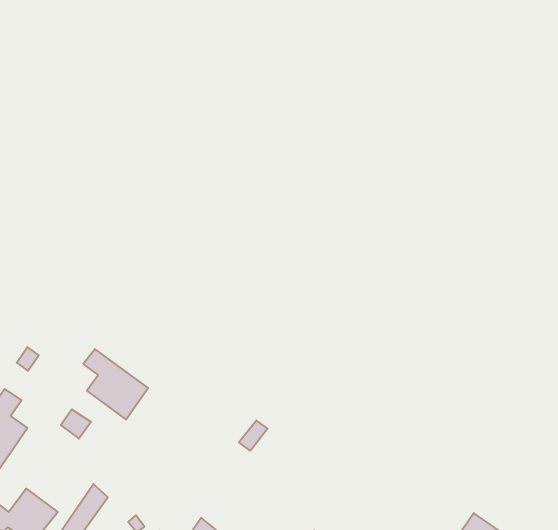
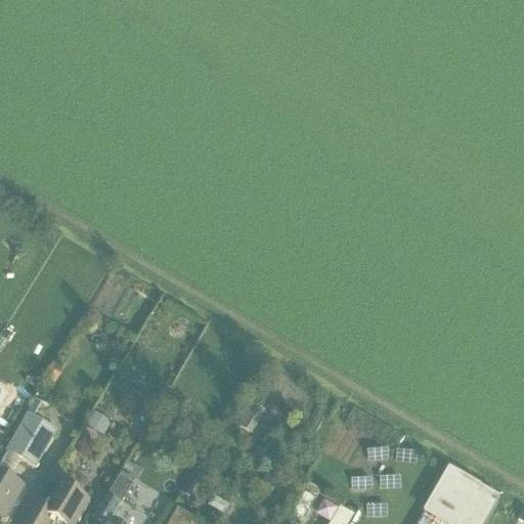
building: [83,349,148,420] -> none

